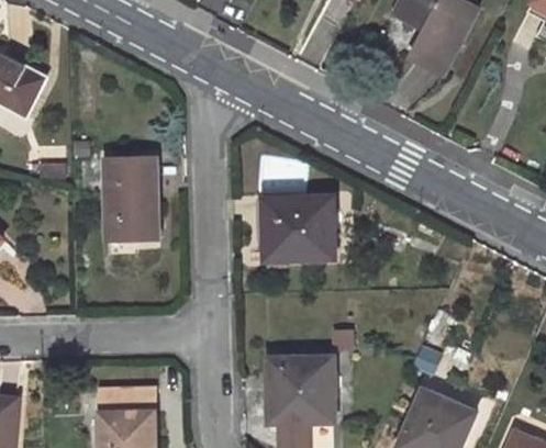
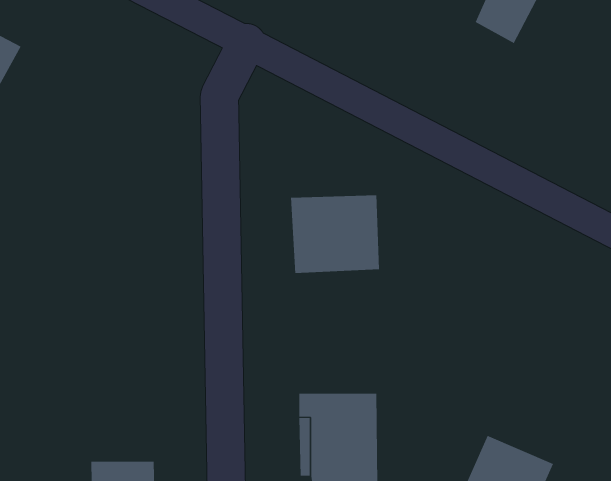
building: [103,158,155,239] -> none
building: [101,389,153,412] -> none

